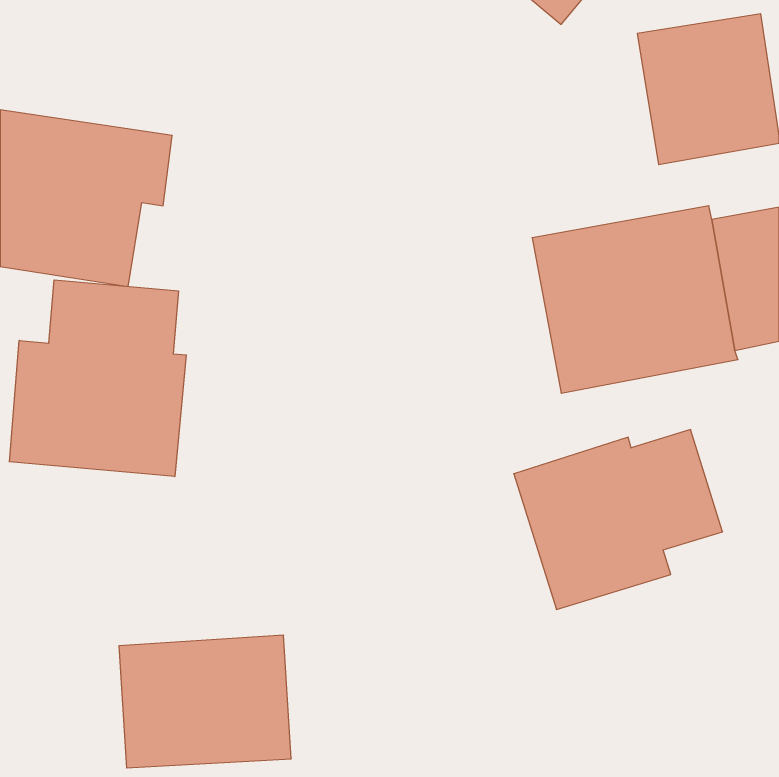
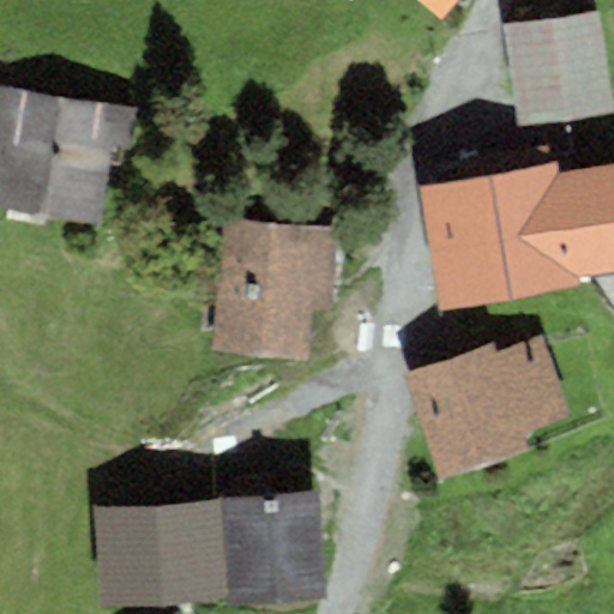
building: none -> [211,217,338,361]
building: [9,280,186,477] -> none
building: none -> [223,494,324,606]

